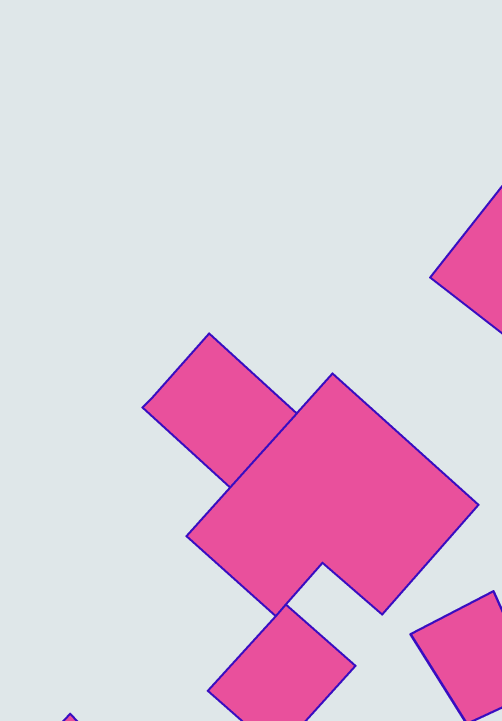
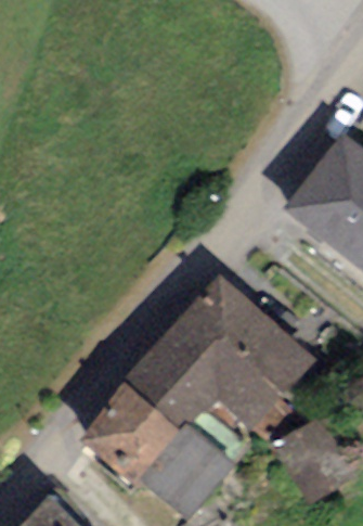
building: [143,333,297,487] -> none
building: none -> [79,380,184,487]

